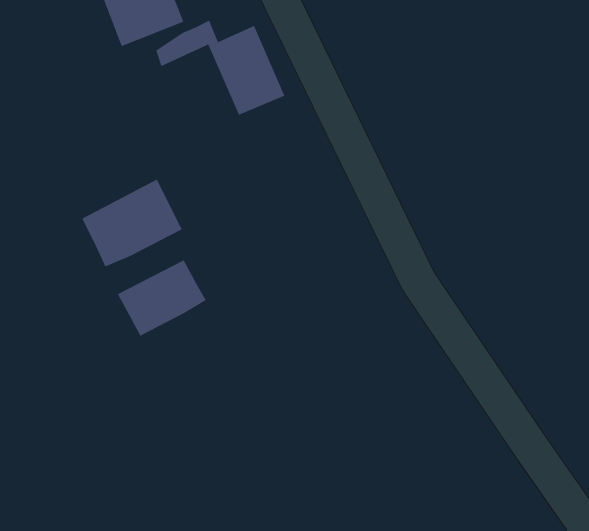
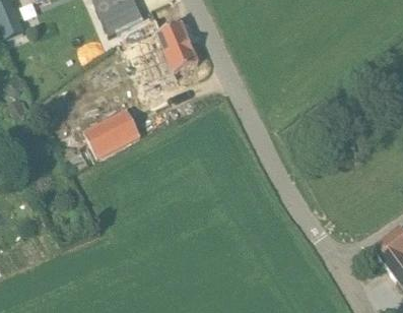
building: [117,260,206,337] -> none

